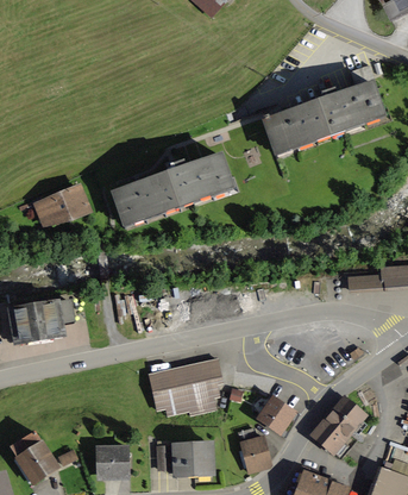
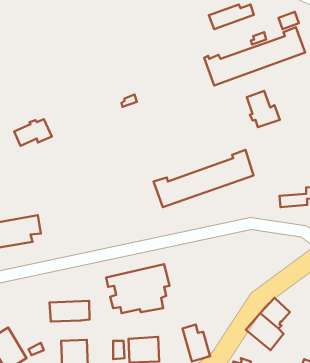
building: none -> [209,5,254,29]
building: [113,155,230,221] -> [154,150,254,207]
building: none -> [247,91,280,127]
building: [256,399,291,431] -> none
building: none -> [49,301,89,322]

